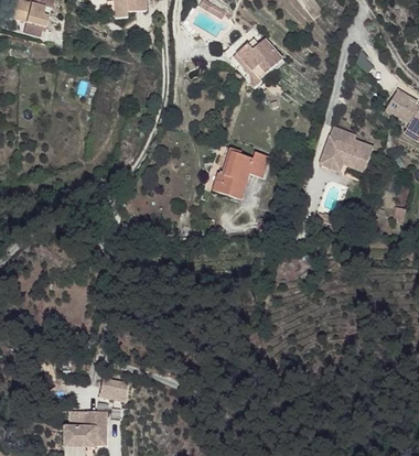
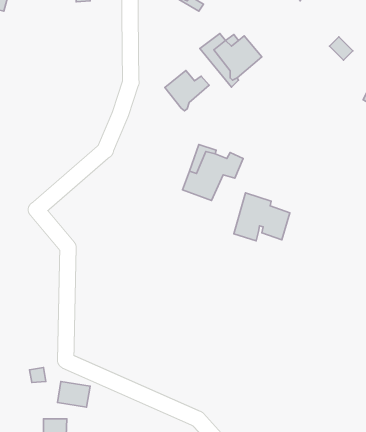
building: none -> [165,70,209,111]
building: [321,127,374,172] -> [234,193,290,241]

